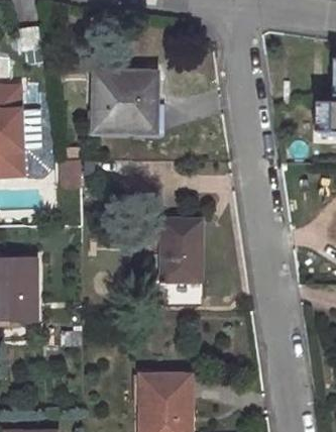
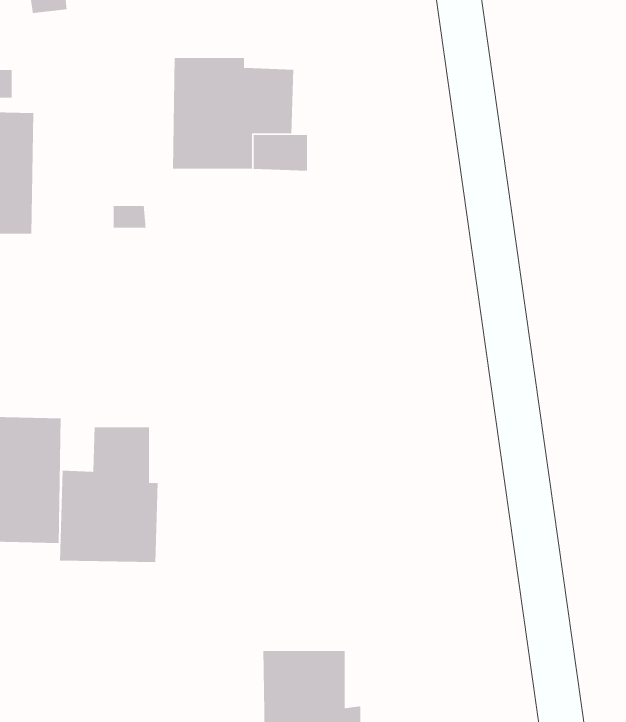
building: [161,219,202,281] -> none
building: none -> [59,426,158,563]

